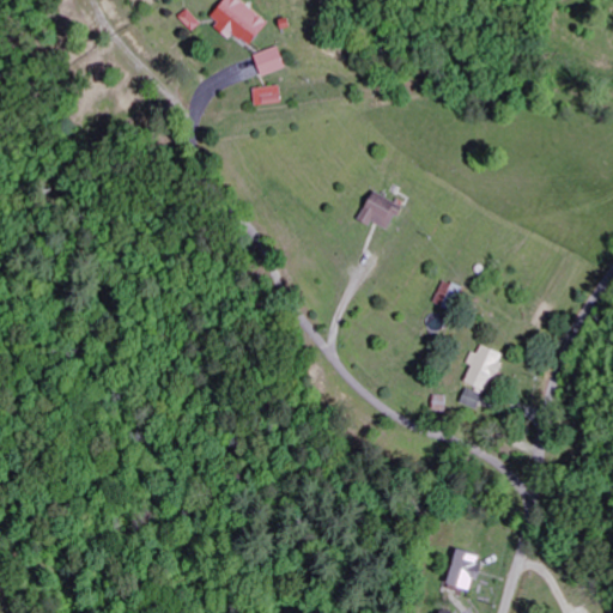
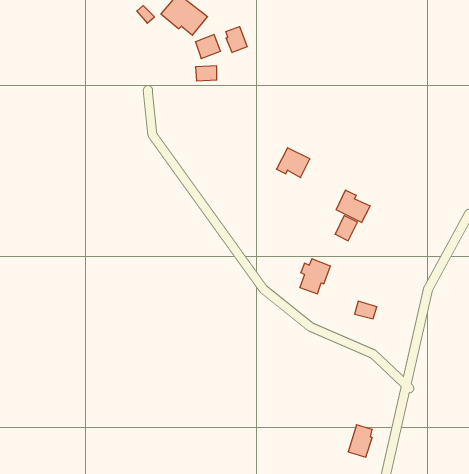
building: none -> [226,27,247,53]
building: none -> [336,190,370,223]
building: [463,344,503,389] -> [300,259,331,294]

